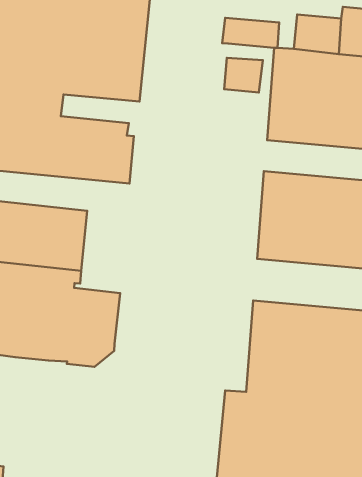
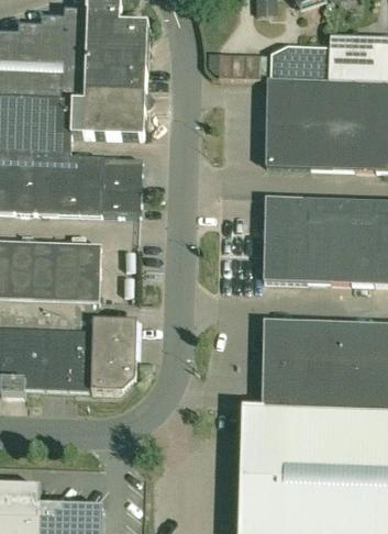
building: [224,58,263,92] -> none

